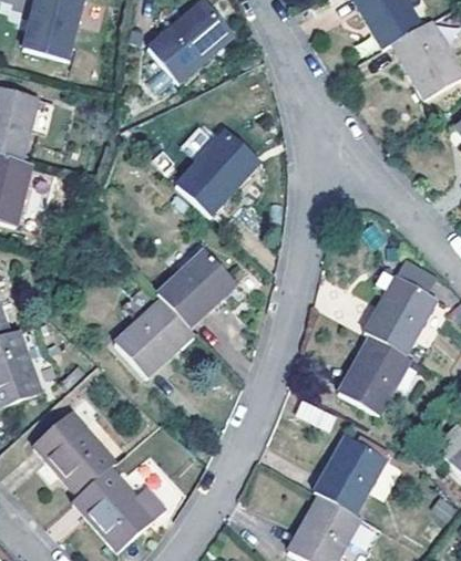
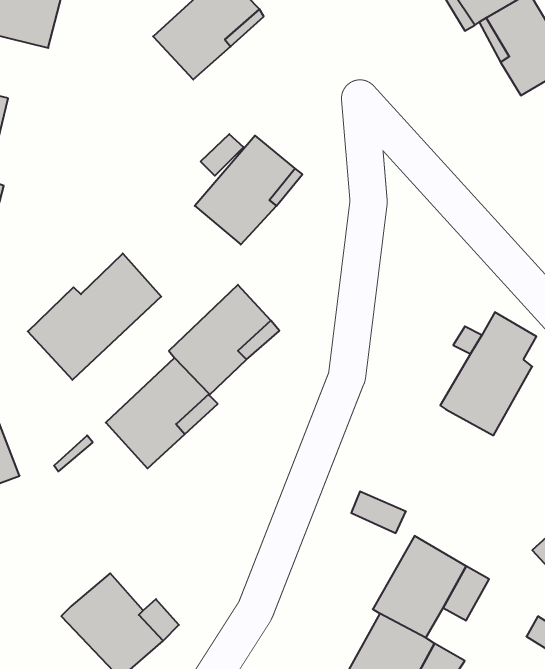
building: none -> [28,253,161,380]
building: [337,337,412,417] -> none
building: [33,409,113,489] -> none

